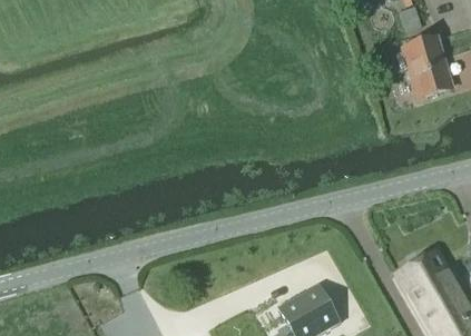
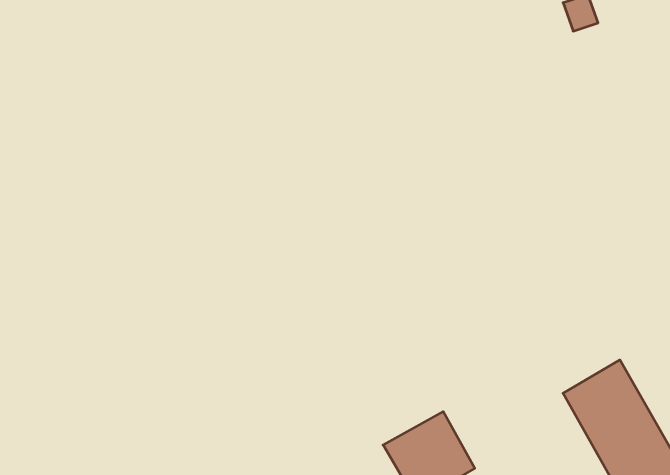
building: [403,36,451,95] -> none

